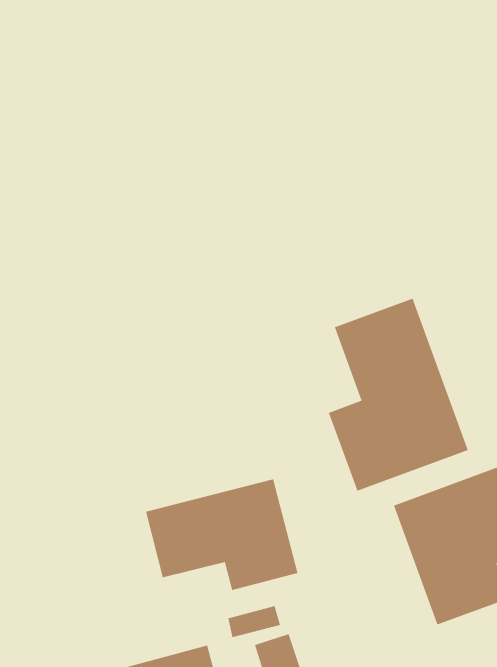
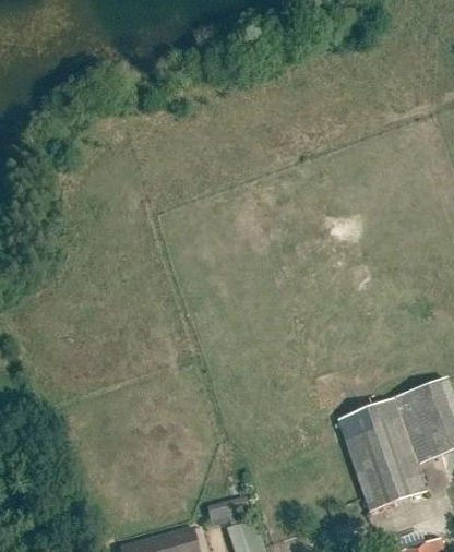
building: [328,298,468,492] -> none
building: [145,478,298,591] -> none

